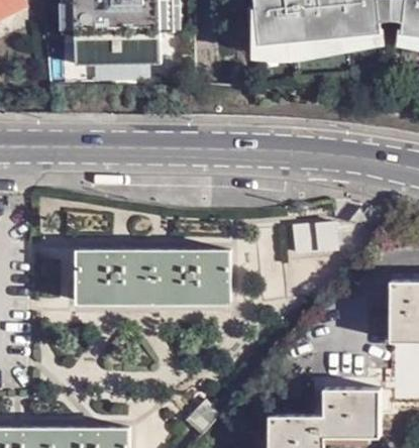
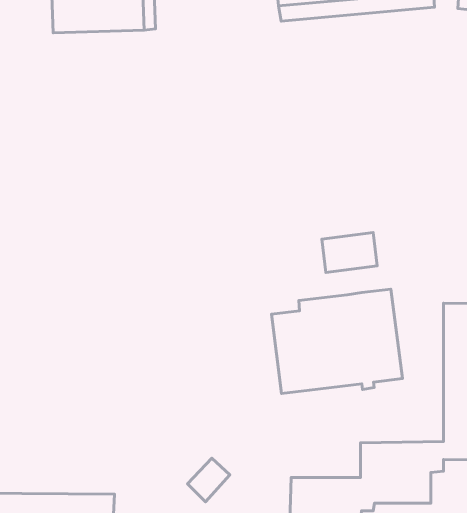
building: [79,251,230,304] -> none
building: none -> [271,289,402,394]

